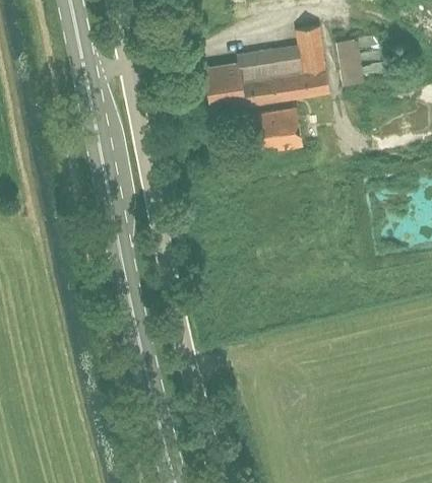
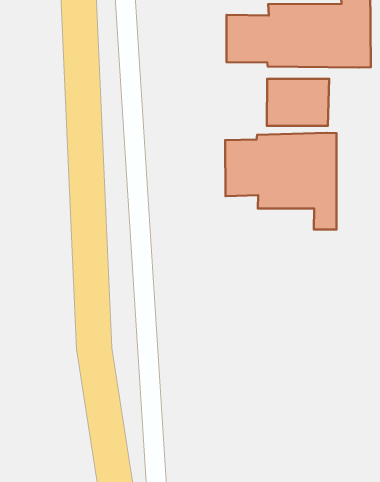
building: none -> [225,133,337,229]

